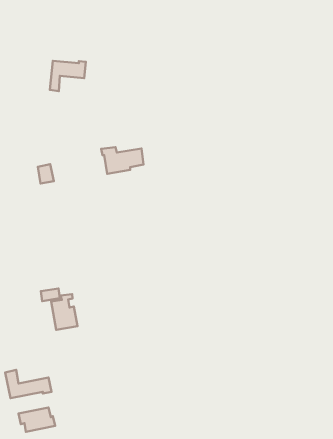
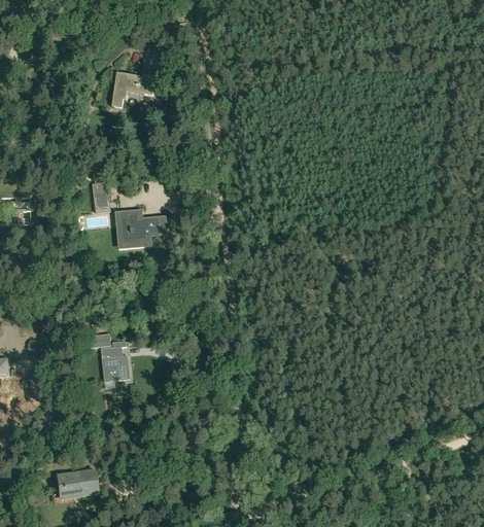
building: [101,147,143,174] -> [118,213,166,243]
building: [5,370,52,398] -> none

